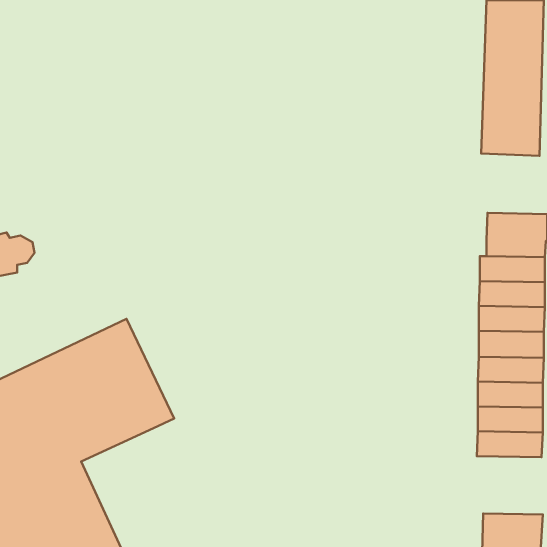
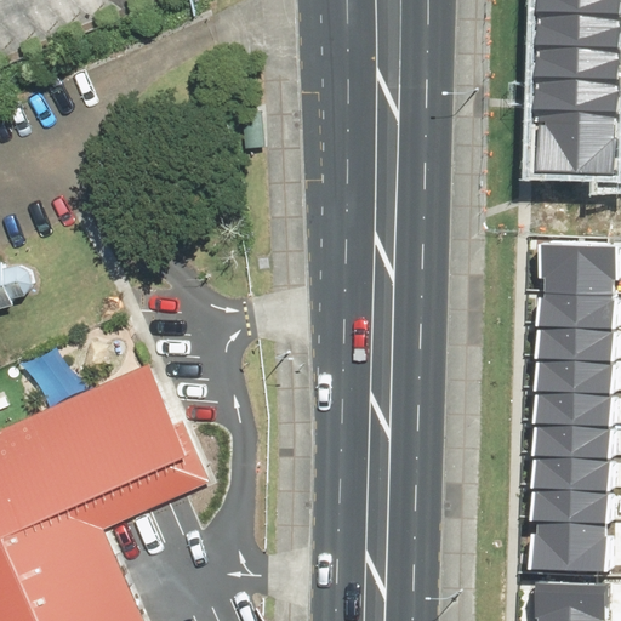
building: none -> [535,518,608,565]

